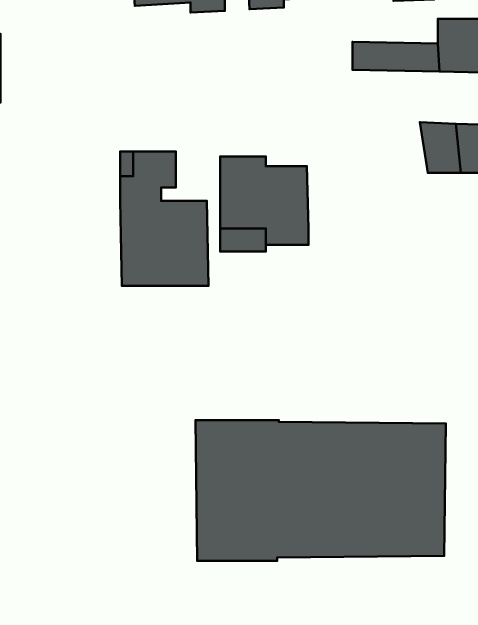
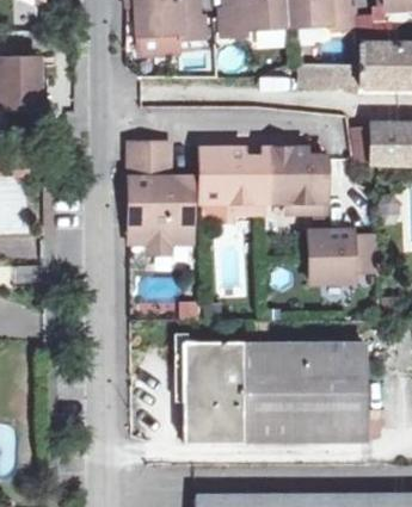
building: none -> [264,148,327,211]
building: none -> [309,231,381,282]

